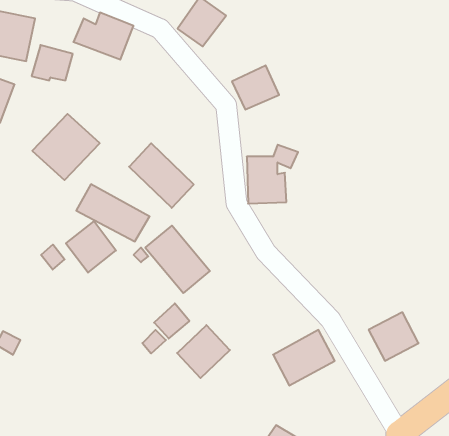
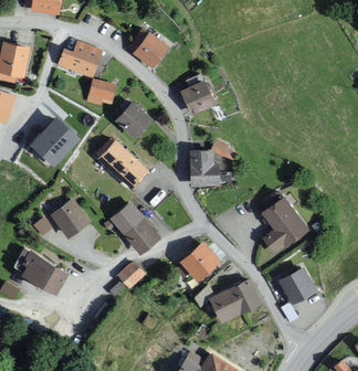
building: [32,45,73,80] -> [87,78,118,105]
building: none -> [117,102,154,138]
building: [76,184,150,241] -> [15,247,71,290]
building: none -> [260,198,309,254]
building: [177,325,230,378] -> [181,242,221,282]

